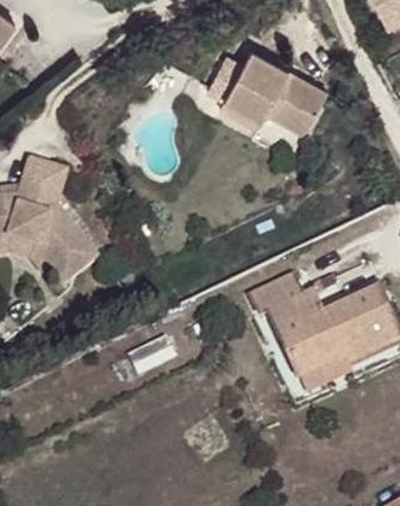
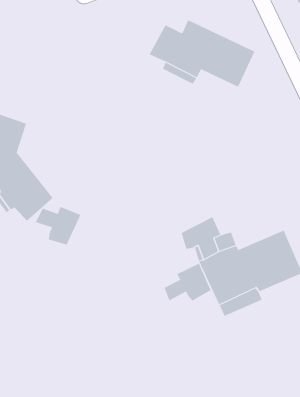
building: none -> [35,206,81,245]
building: none -> [164,263,211,301]

